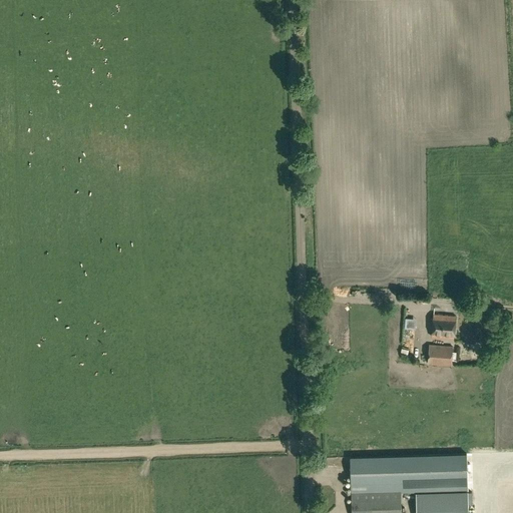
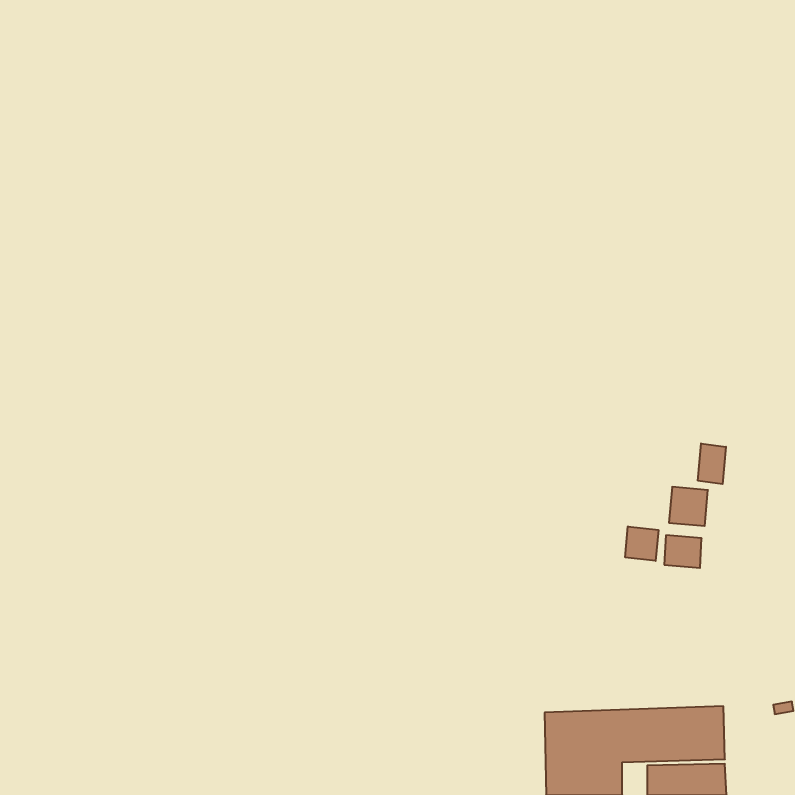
building: none -> [698,443,726,484]
building: none -> [625,526,658,561]

